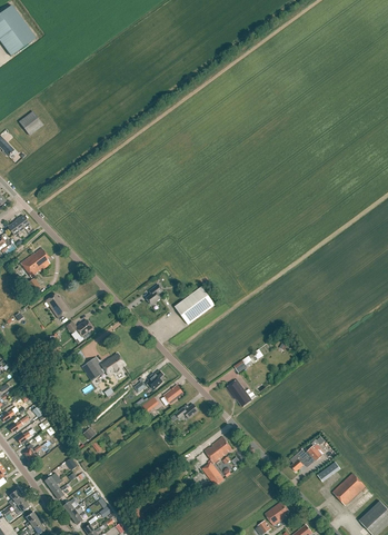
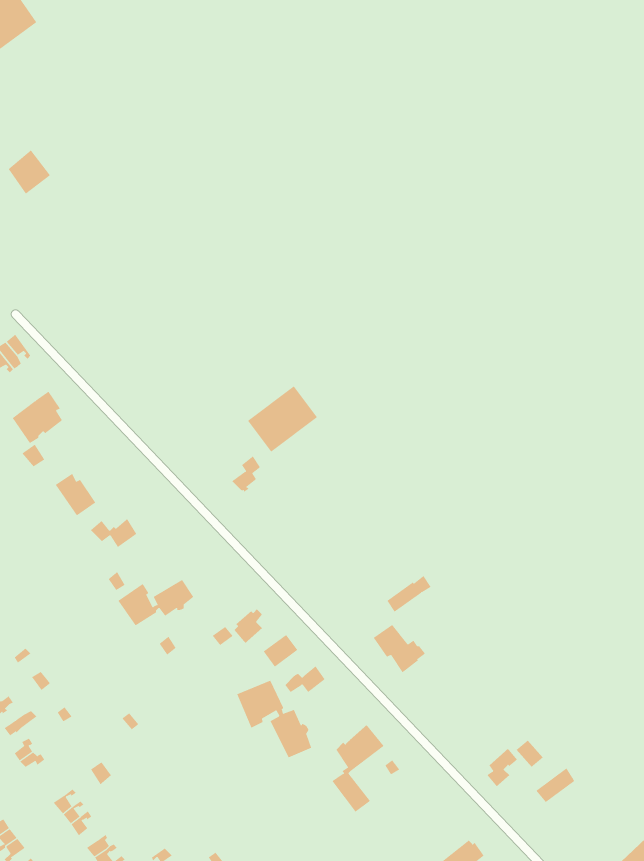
building: [175,286,215,324] -> [247,386,318,452]
building: none -> [236,680,312,758]
building: [332,473,366,505] -> none

